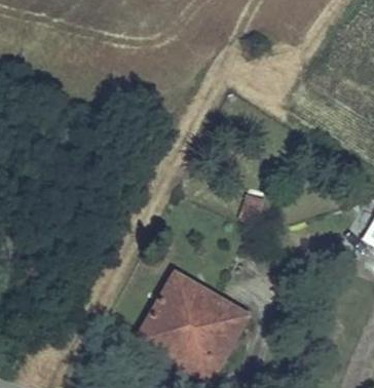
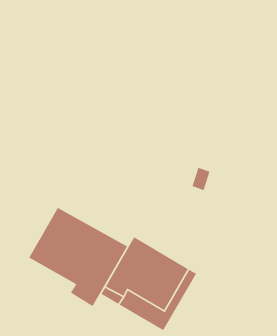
building: none -> [28,207,128,307]

